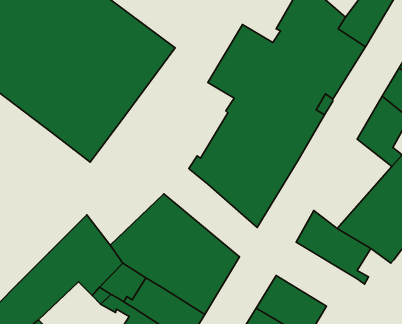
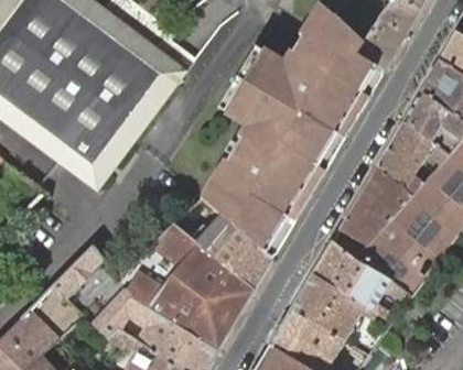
building: none -> [331,165,412,259]
building: none -> [192,213,271,289]
building: none -> [291,273,376,340]

